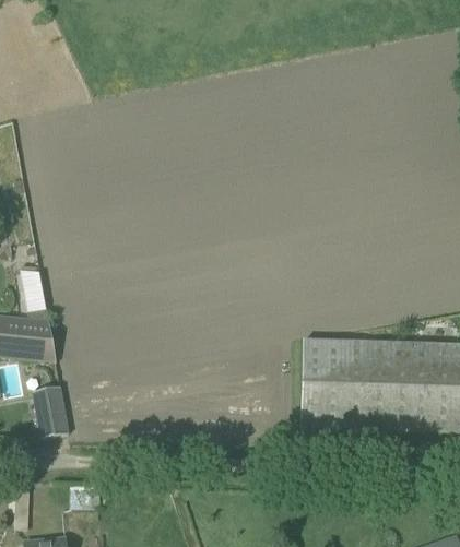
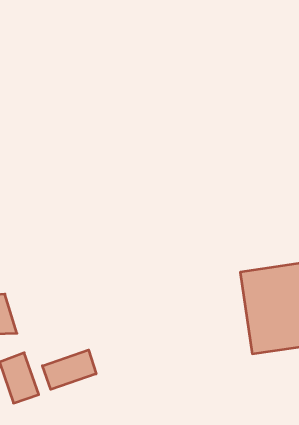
building: none -> [42,350,96,389]

